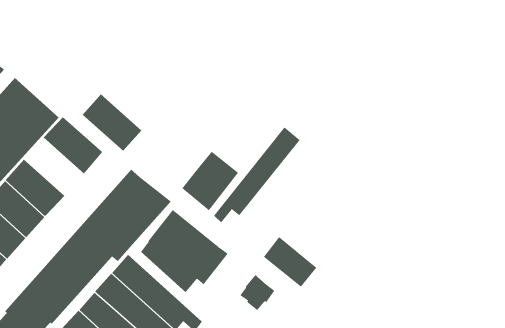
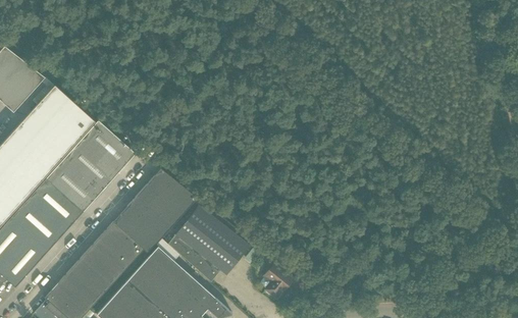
building: [82,93,142,152] -> [62,140,117,193]
building: [207,127,301,223] -> none
building: [181,151,239,211] -> none
building: [263,236,317,287] -> none

